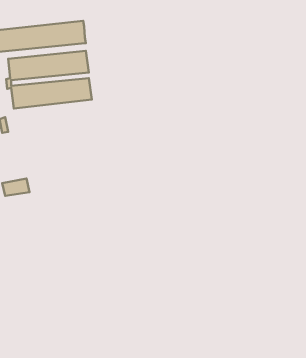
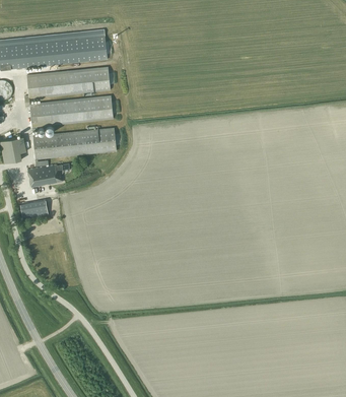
building: none -> [27,127,117,186]

